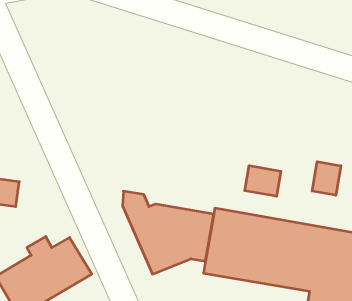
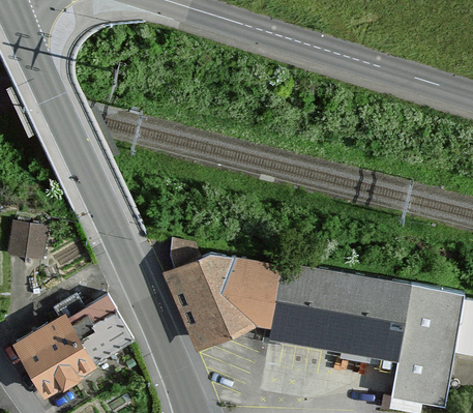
building: [312,162,341,195] -> none
building: [245,166,281,196] -> none

